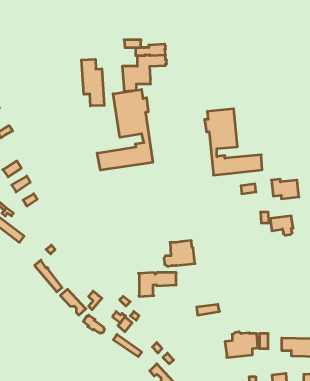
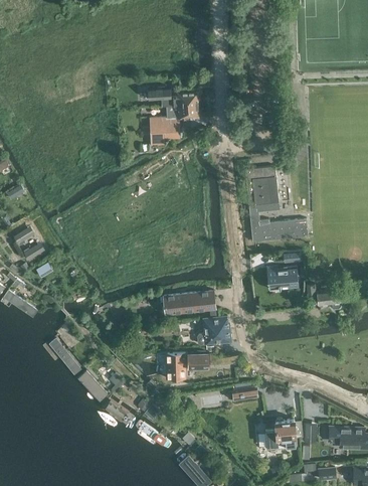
building: [81,59,104,106] -> none
building: [97,89,153,170] -> none
building: [271,179,299,199] -> [266,267,298,289]
building: none -> [163,290,215,318]

